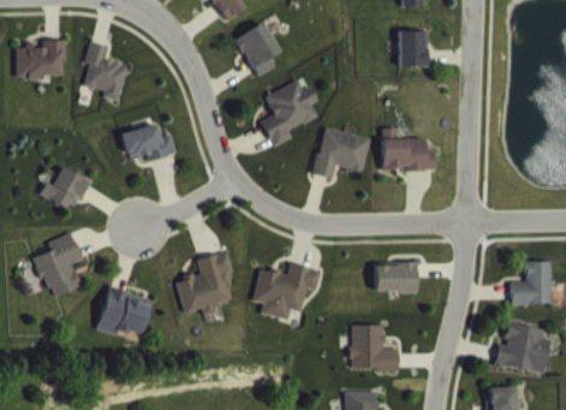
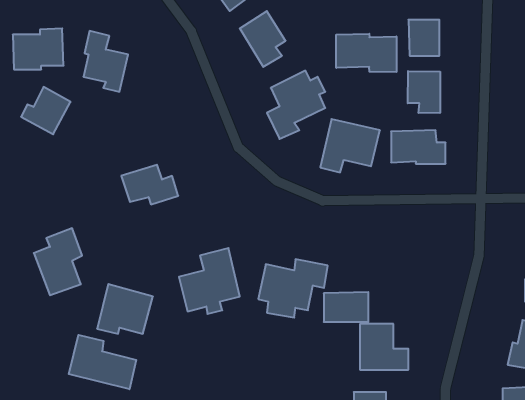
building: none -> [336,34,396,72]
building: none -> [408,71,440,113]
building: [120,123,175,161] -> [121,165,178,204]
building: [40,165,88,210] -> [21,87,71,134]
building: [374,262,417,291] -> [324,292,368,322]
building: none -> [69,335,136,389]

